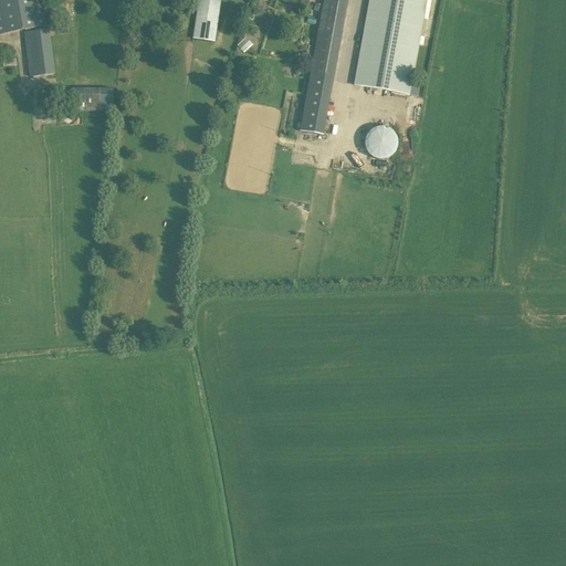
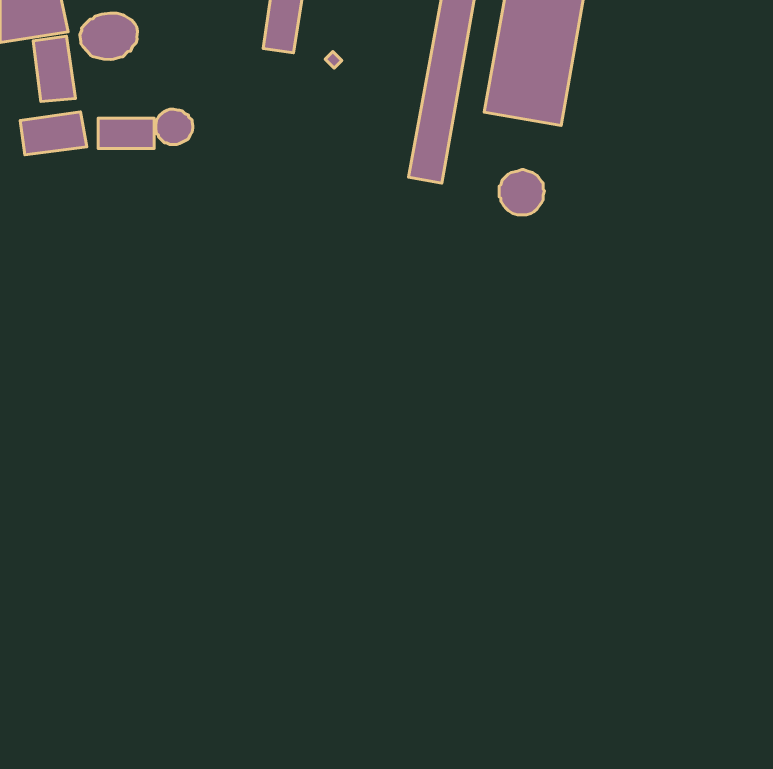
building: none -> [80,13,137,59]
building: none -> [156,109,193,144]
building: none -> [20,112,87,155]

